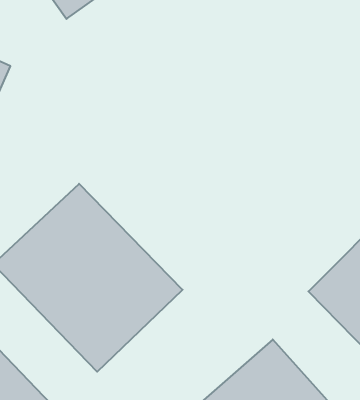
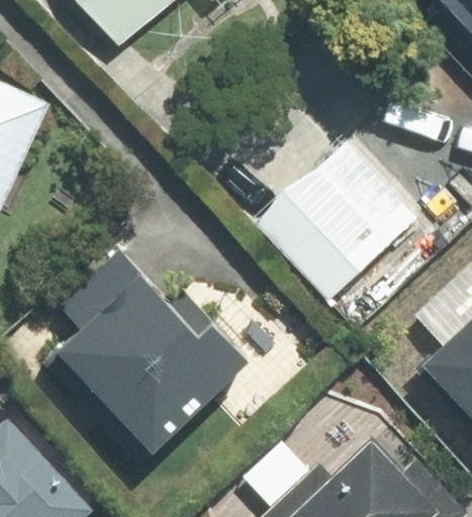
building: none -> [243,123,427,306]

